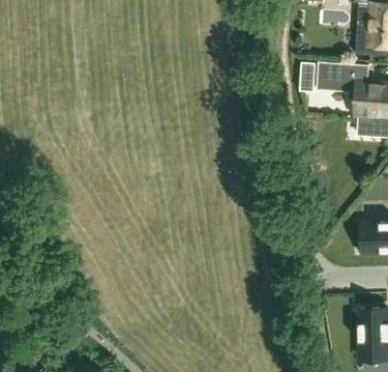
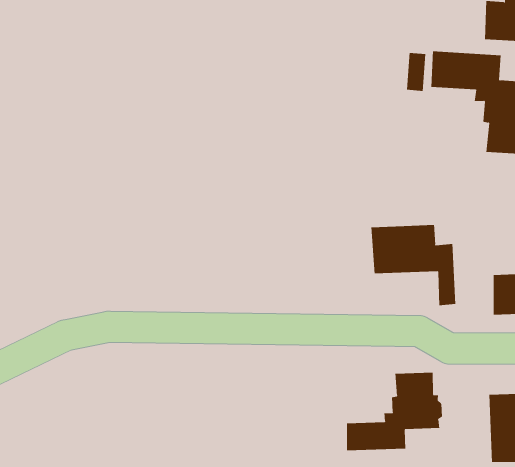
building: none -> [371,224,456,306]
building: none -> [346,372,443,451]

